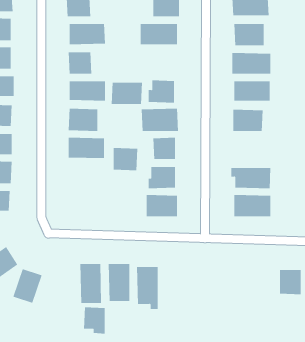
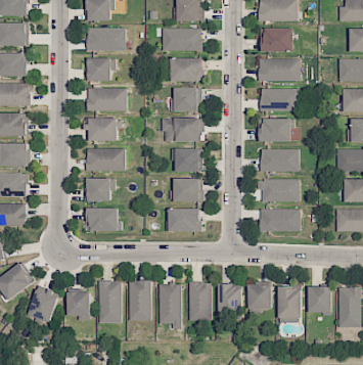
building: [111,82,143,105] -> [170,57,203,81]
building: none -> [260,148,299,171]
building: [113,147,138,171] -> [85,177,111,201]
building: none -> [87,208,119,231]
building: none -> [187,281,212,319]
building: none -> [218,284,242,315]
building: none -> [247,284,272,311]
building: none -> [278,287,301,321]
building: [83,307,106,334] -> [66,291,90,320]

